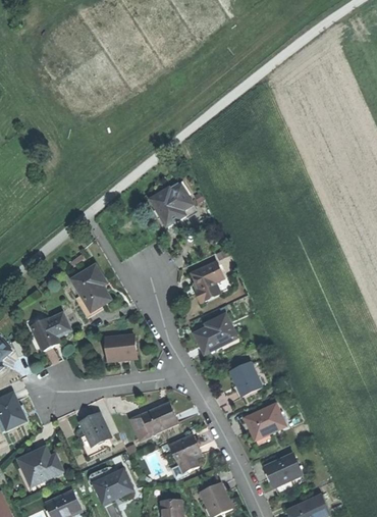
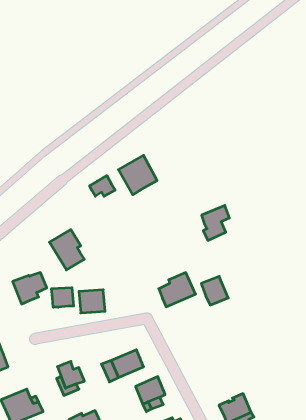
building: none -> [90,176,115,196]
building: [192,262,223,302] -> [202,205,229,240]
building: none -> [52,288,74,307]
building: [230,362,261,395] -> [201,276,228,305]
building: [245,403,285,440] -> none

